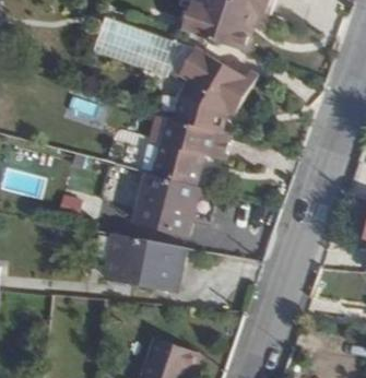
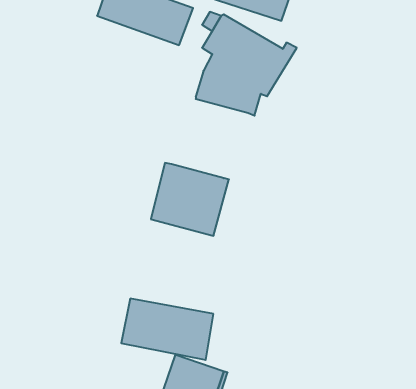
building: [152,118,217,187] -> none
building: [105,235,184,287] -> [121,299,213,360]

